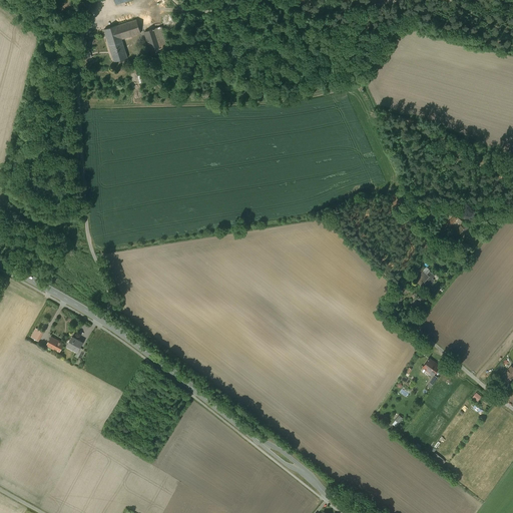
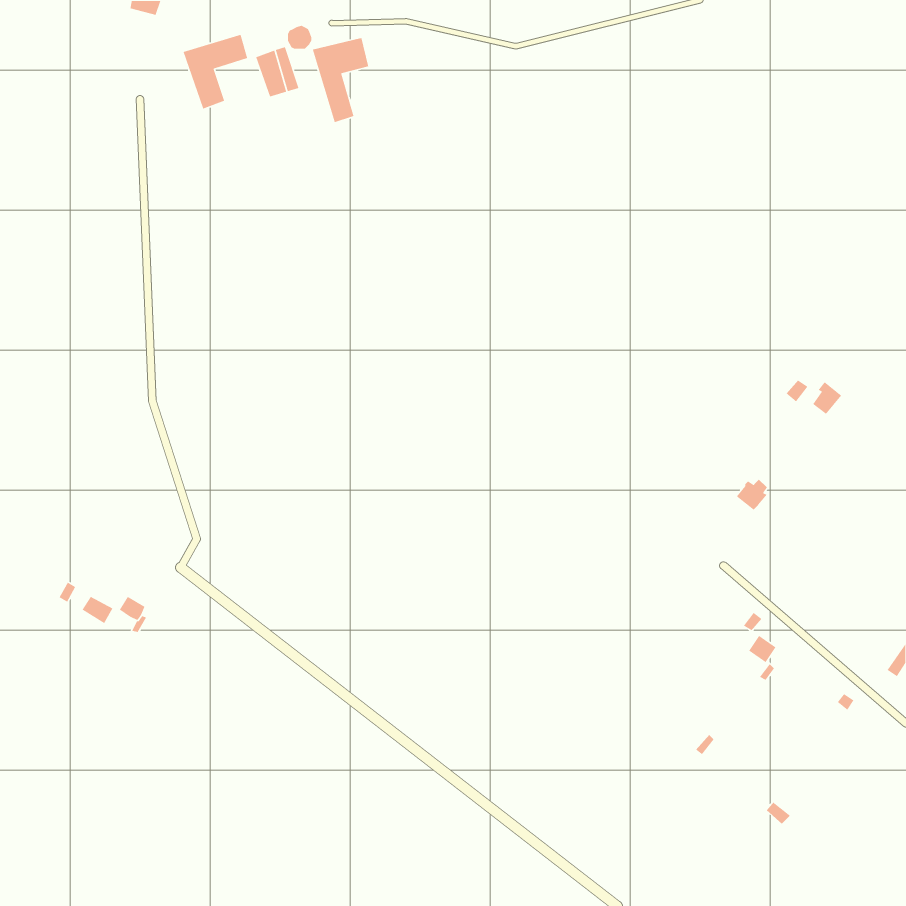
building: none -> [312,37,369,123]

